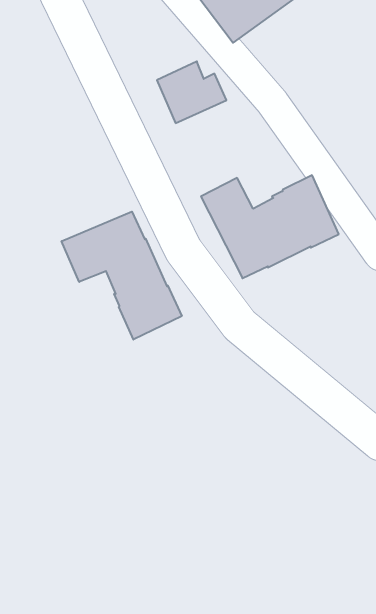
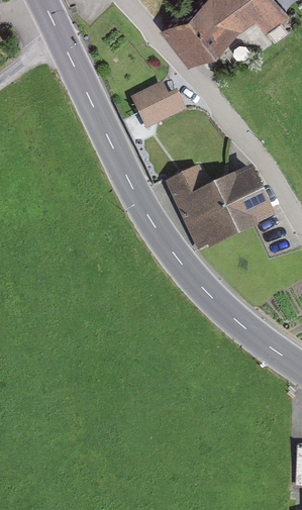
building: [62,212,182,340] -> none

